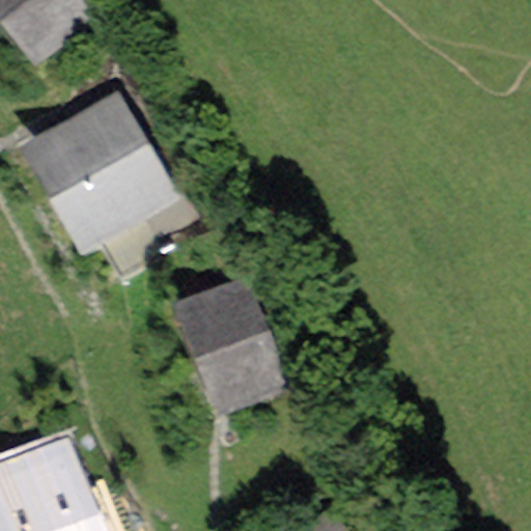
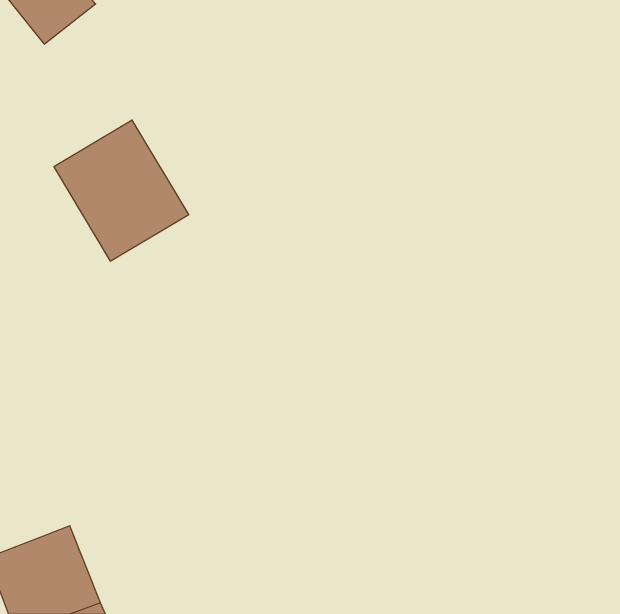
building: [192,281,278,390] -> none

